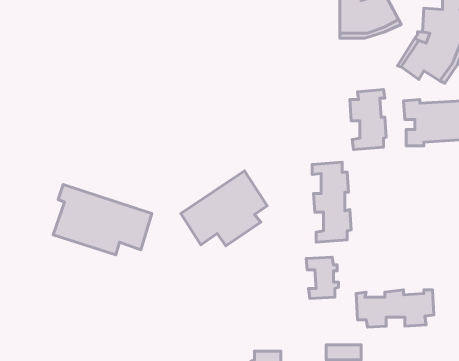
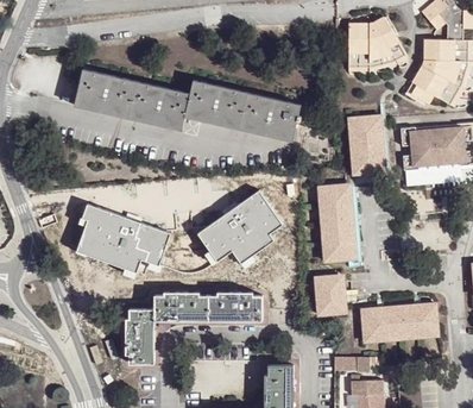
building: none -> [74,69,311,140]
building: none -> [125,291,261,364]

